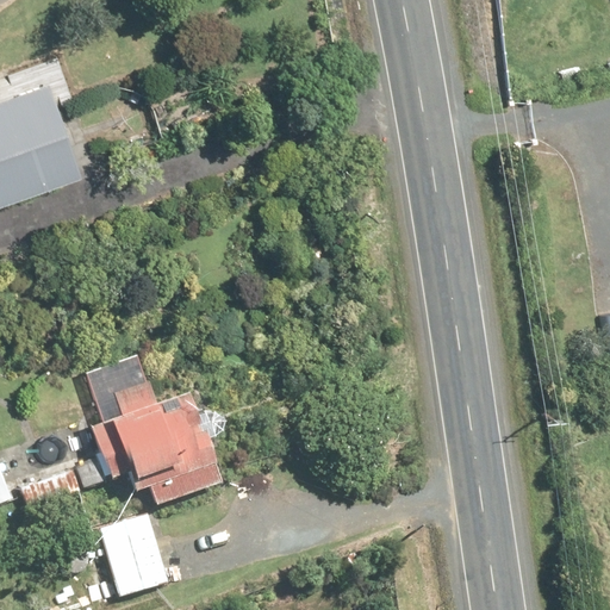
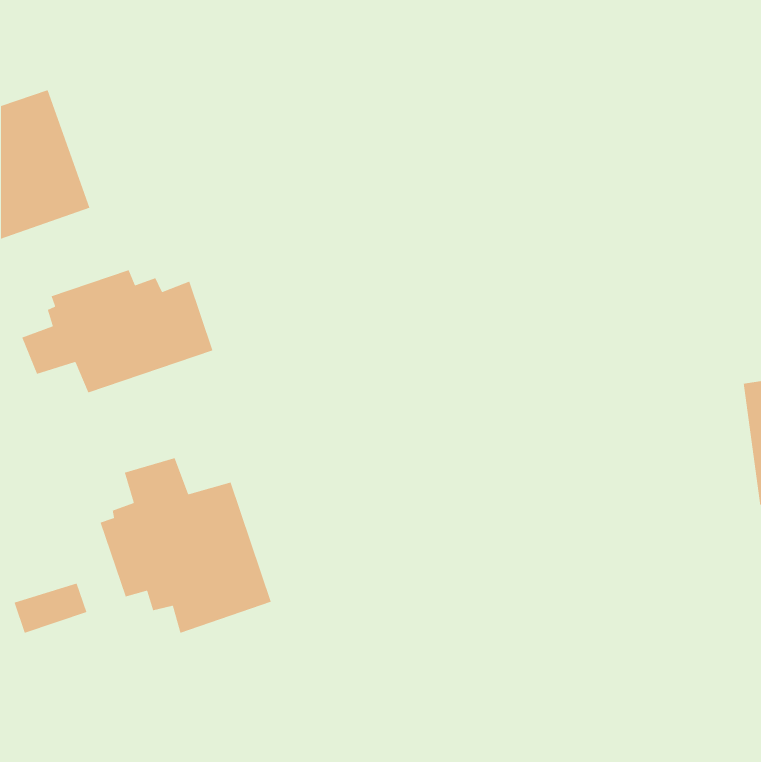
building: none -> [21,269,213,394]
building: [98,515,172,599] -> none

